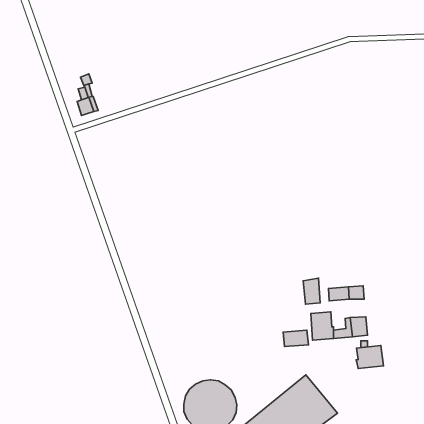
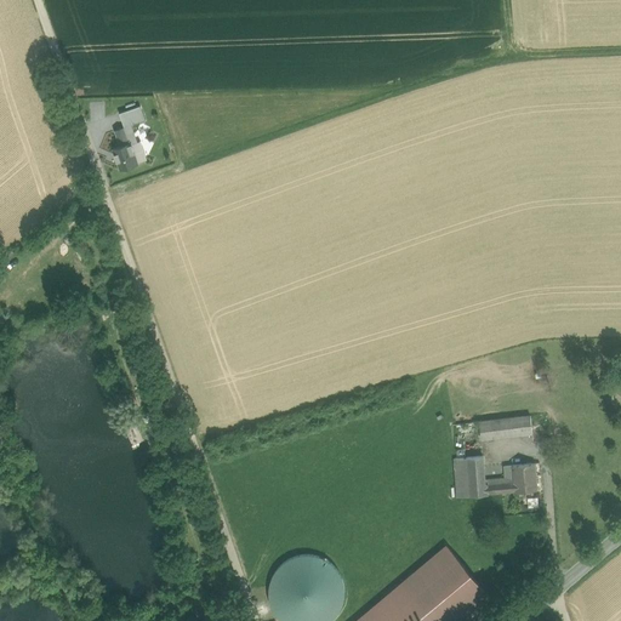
building: [303,278,320,304] -> none
building: [283,330,308,347] -> none
building: [356,345,384,369] -> none

